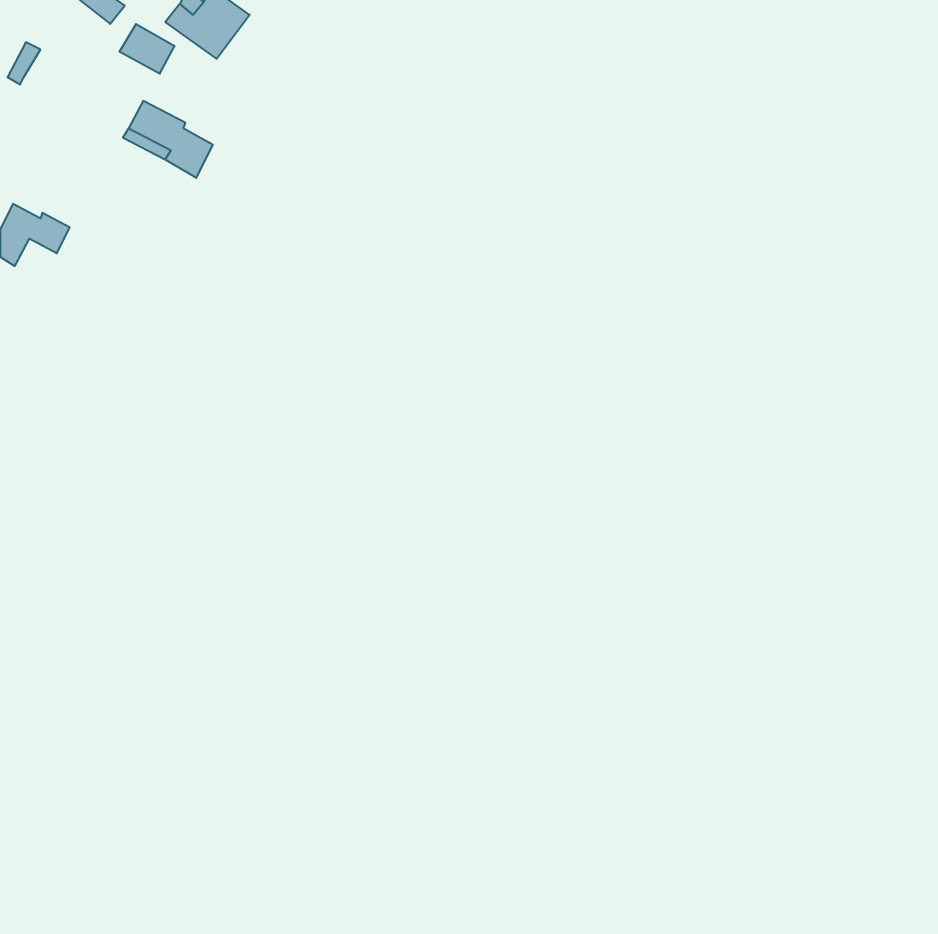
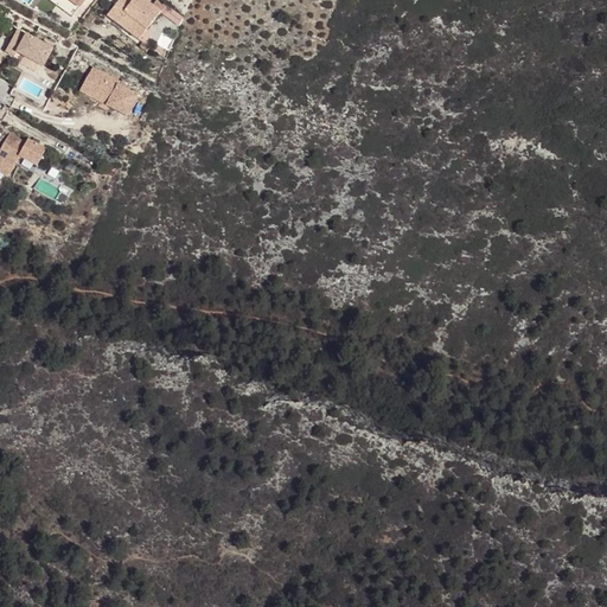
building: [119,24,175,74] -> [15,32,51,64]

